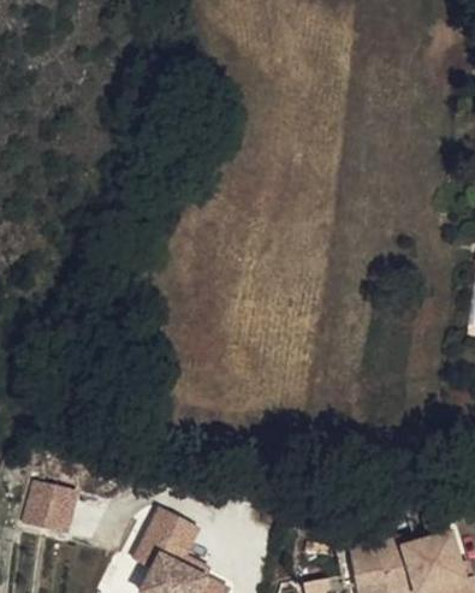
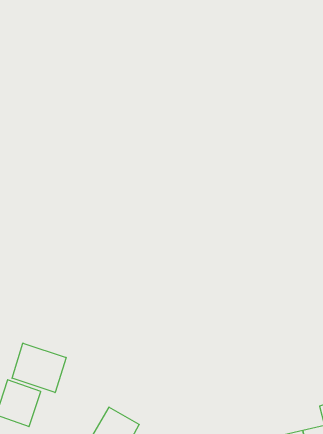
building: none -> [12,343,66,393]

